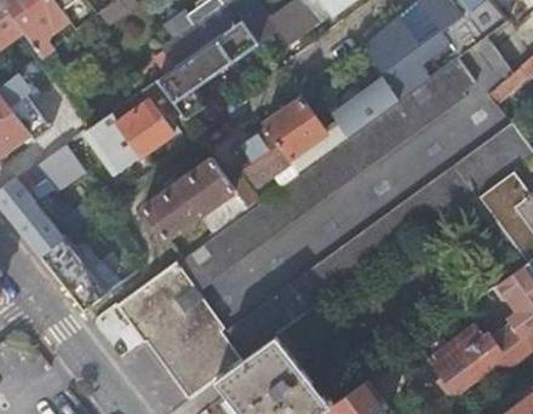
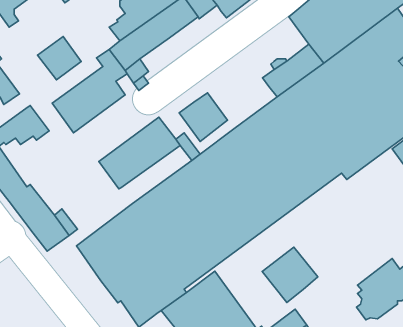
building: none -> [38,36,81,80]
building: [264,98,348,172] -> none
building: none -> [262,247,318,303]

